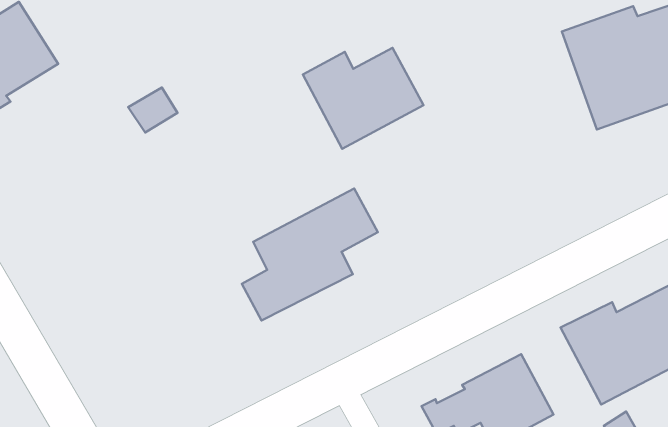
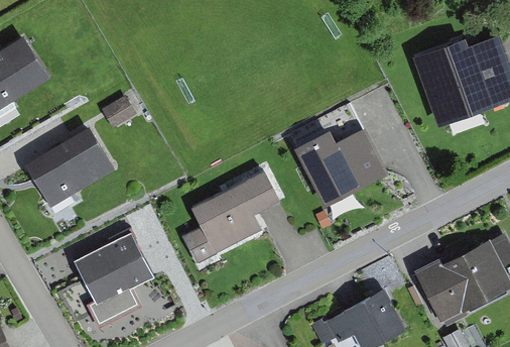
building: [303,48,423,149] -> [297,130,384,203]
building: none -> [24,127,115,209]
building: none -> [73,232,155,325]

